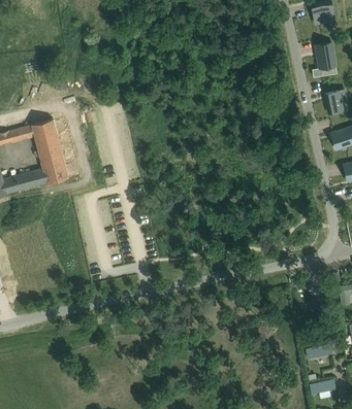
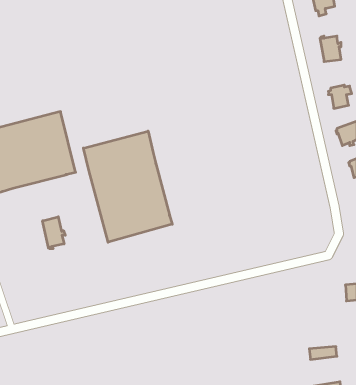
building: none -> [83,131,172,242]
building: none -> [43,217,65,249]

